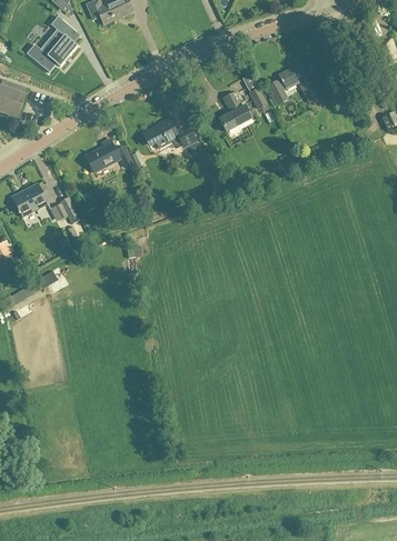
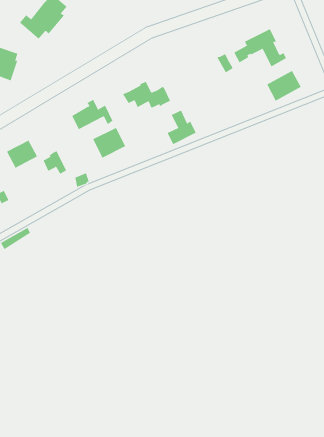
building: [218,92,251,131] -> [167,110,196,145]
building: none -> [266,70,301,101]
building: none -> [92,127,126,159]

